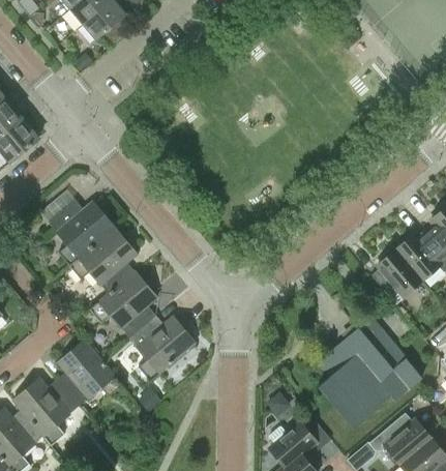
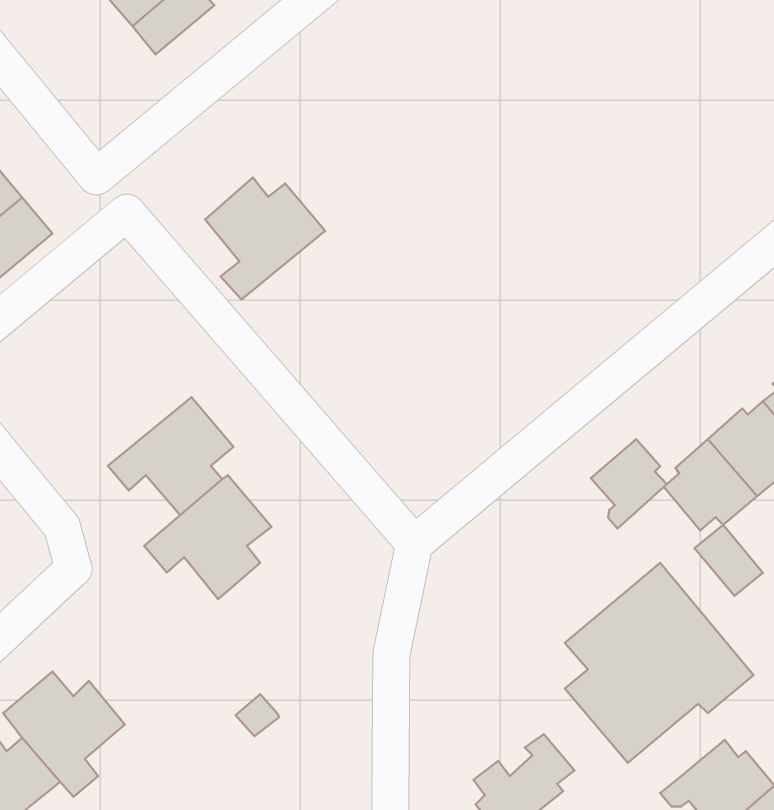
building: [49,199,114,265] -> [205,178,325,299]
building: none -> [591,439,667,529]
building: none -> [695,525,763,596]
building: [128,316,194,381] -> none
building: [57,340,122,406] -> none

